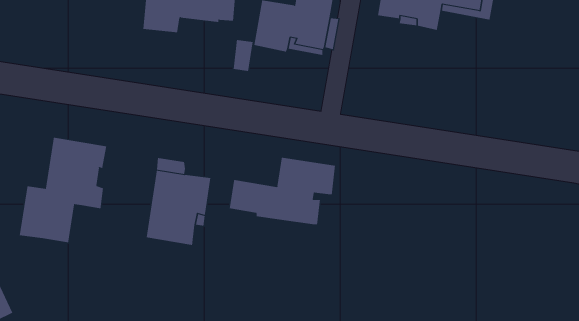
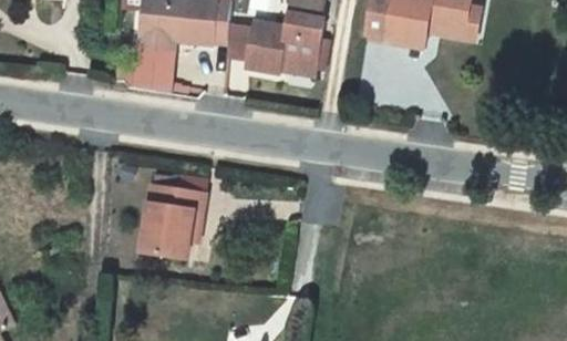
building: [19,137,107,243] -> none
building: [229,157,335,225] -> none

